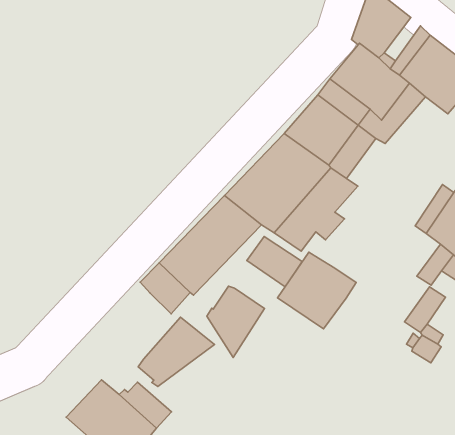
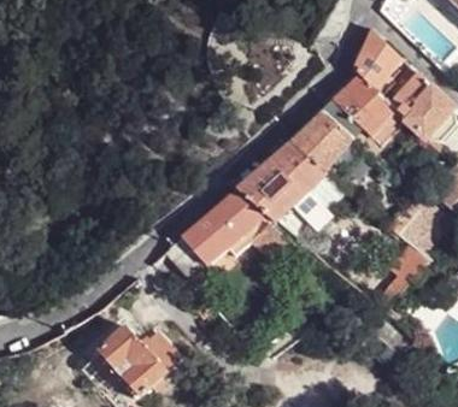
building: [277,252,356,329] -> none
building: [207,286,265,358] -> none
building: [138,317,214,387] -> none

